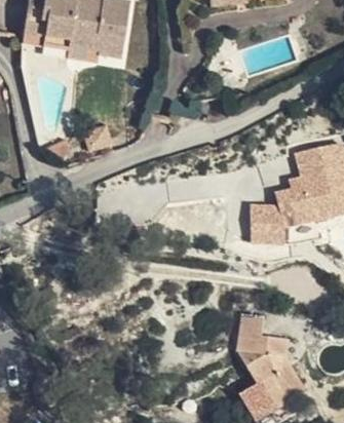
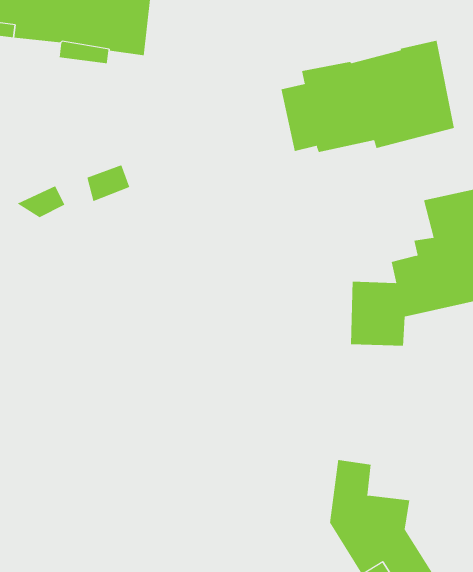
building: none -> [281,40,455,153]

